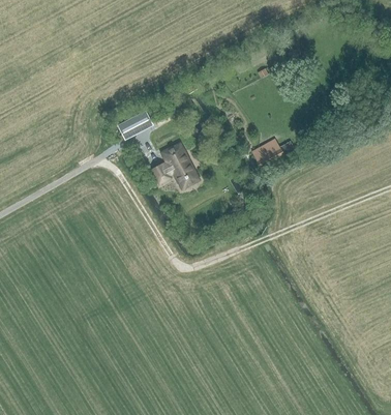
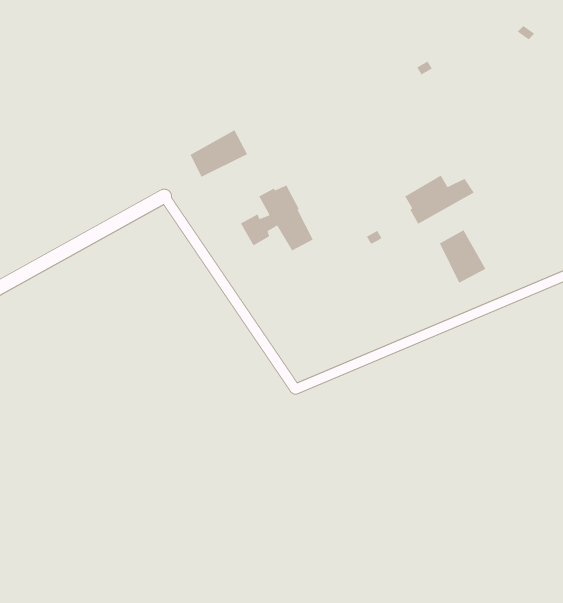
building: none -> [439,229,486,284]

